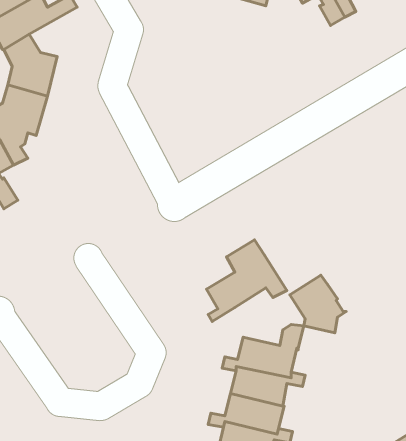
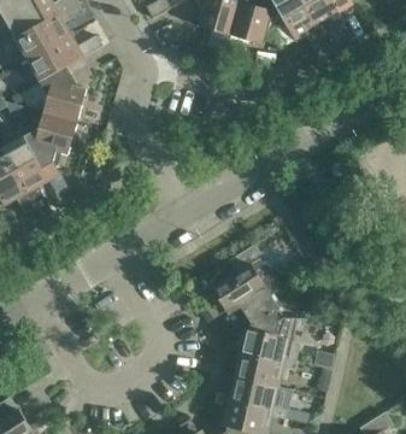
building: [290,275,346,333] -> [237,286,286,335]

